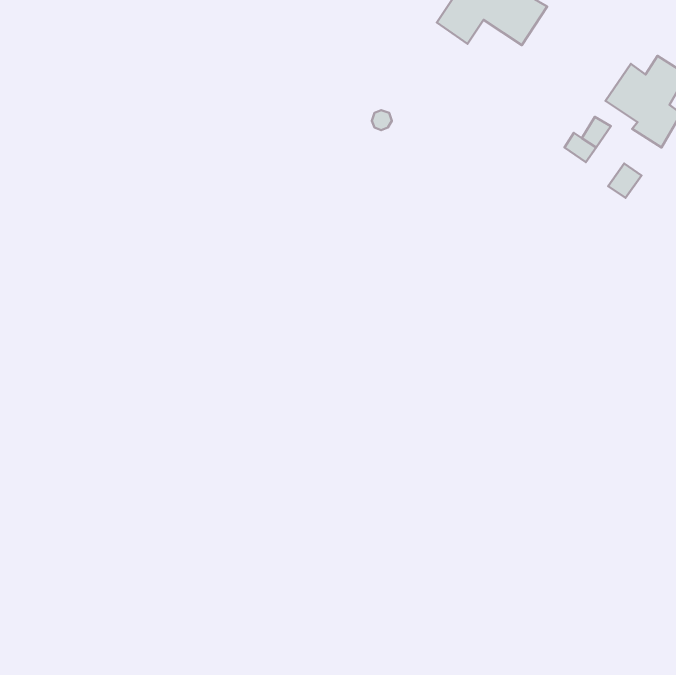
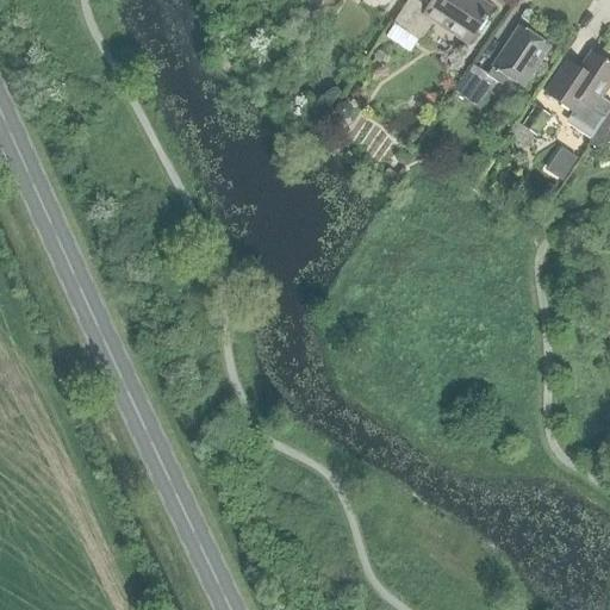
building: none -> [455,24,550,106]

